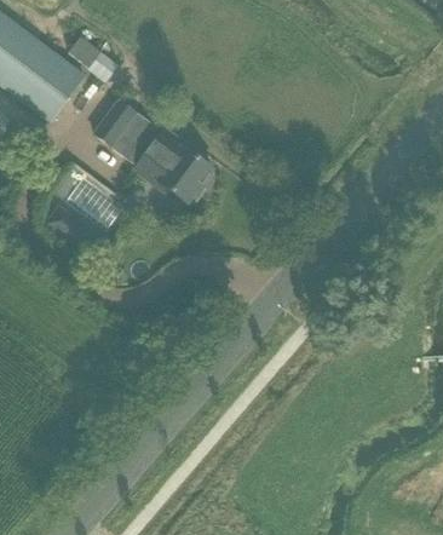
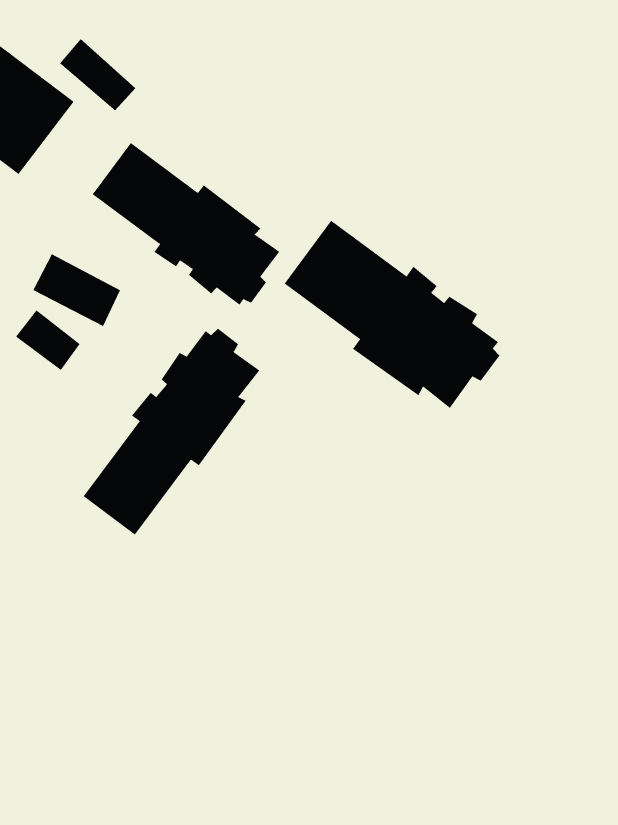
building: none -> [284,220,500,409]
building: none -> [83,328,260,535]

